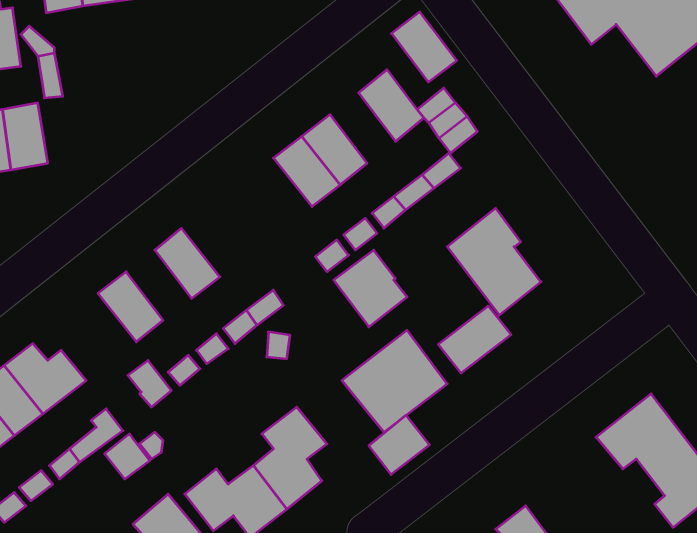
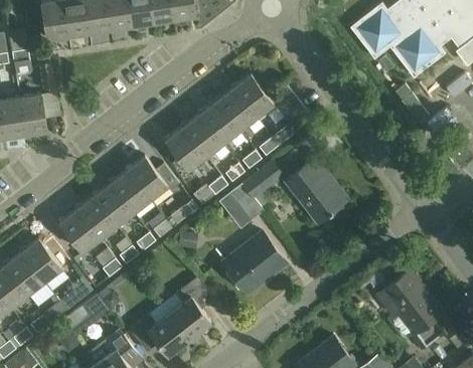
building: [391,12,457,82] -> [216,88,256,131]
building: none -> [165,128,205,170]
building: none -> [127,157,178,199]
building: none -> [243,163,282,200]
building: none -> [94,183,133,225]
building: none -> [59,209,100,252]
building: [438,306,511,373] -> none
building: [369,415,429,475] -> none

